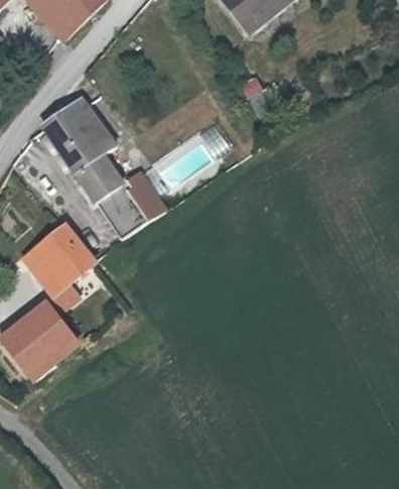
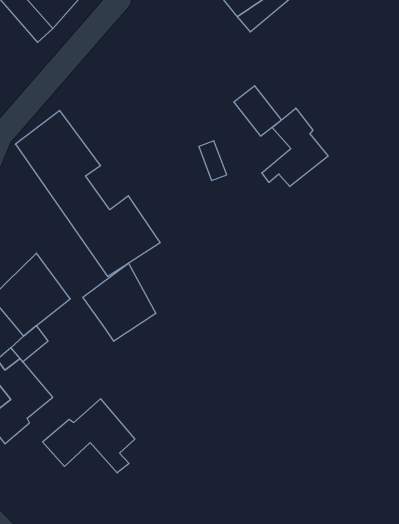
building: none -> [262,108,328,187]
building: none -> [83,263,156,341]
building: none -> [43,399,135,473]

